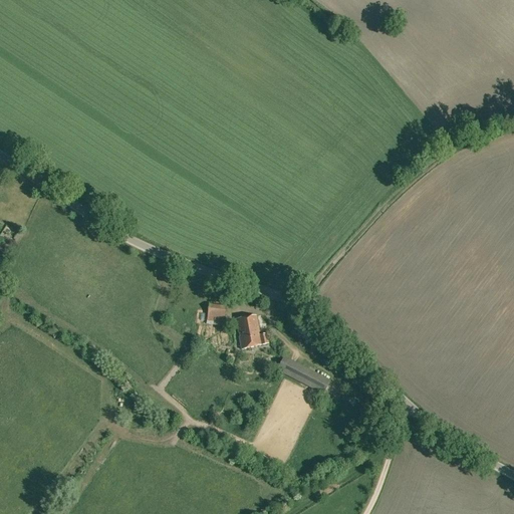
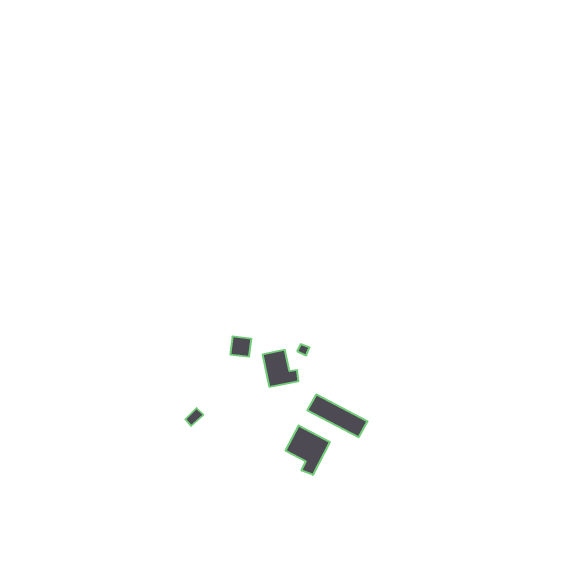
building: none -> [286,425,330,475]

